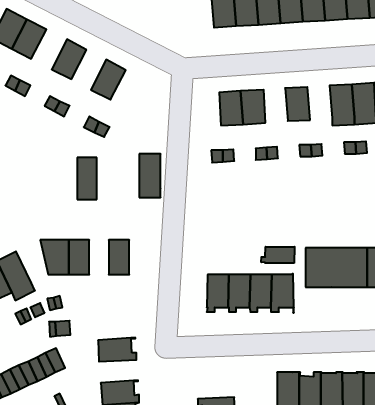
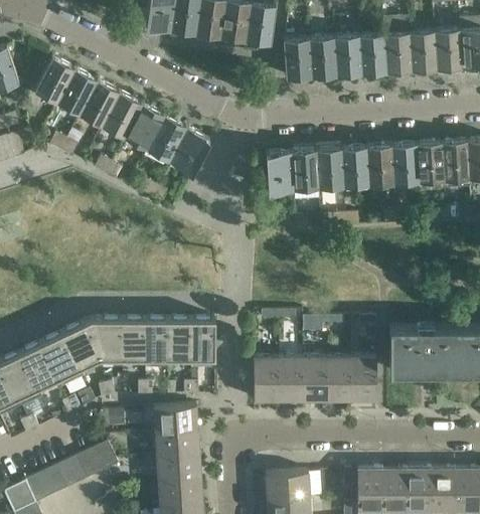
building: none -> [81,82,121,128]
building: none -> [126,106,165,151]
building: none -> [170,129,210,174]
building: none -> [392,146,421,185]
building: none -> [343,149,370,188]
building: none -> [267,154,295,193]
building: [139,154,161,197] -> [191,321,215,370]
building: [77,158,97,199] -> [146,321,168,368]
building: none -> [63,321,100,369]
building: [261,247,295,263] -> none
building: none -> [254,359,280,403]
building: none -> [154,407,198,435]
building: none -> [157,457,201,483]
building: none -> [266,473,310,501]

